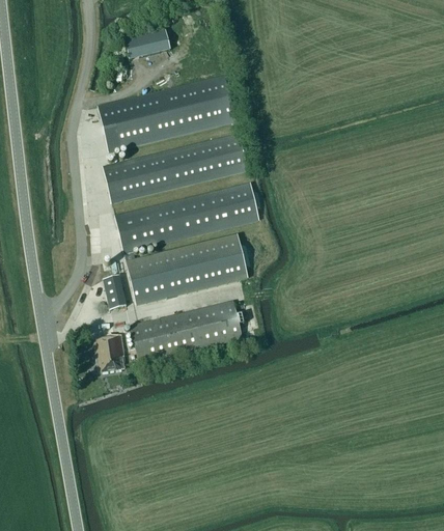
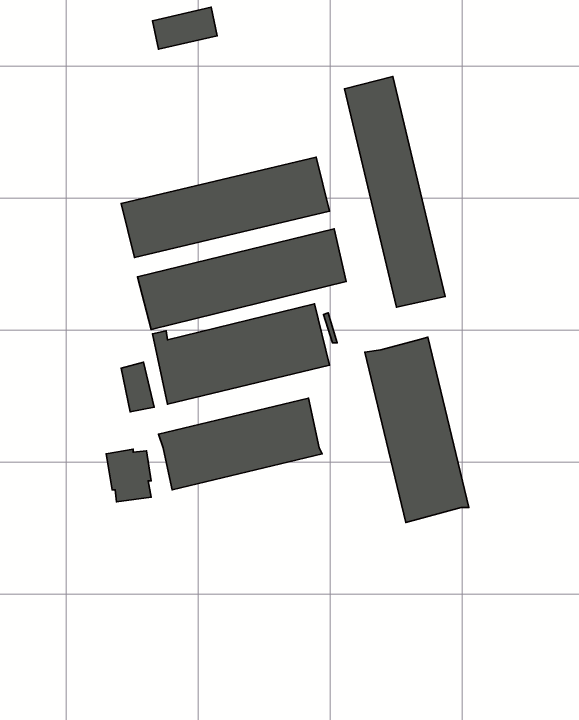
building: [99,75,235,151] -> none
building: none -> [345,76,445,307]
building: none -> [365,337,469,522]

